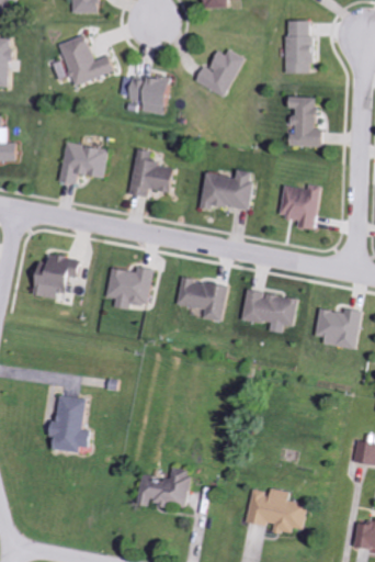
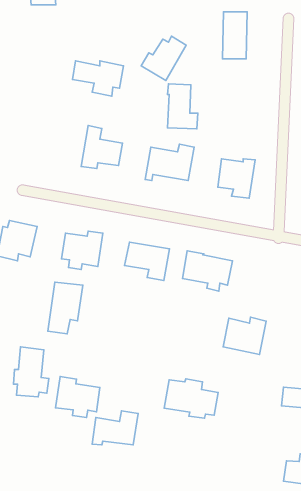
building: [56,34,114,86] -> none
building: [291,95,325,146] -> [167,84,198,129]
building: [58,142,106,182] -> none
building: [312,306,361,348] -> [223,317,266,355]
building: none -> [48,282,83,334]
building: none -> [55,377,100,418]
building: [247,488,307,532] -> [164,379,218,418]

